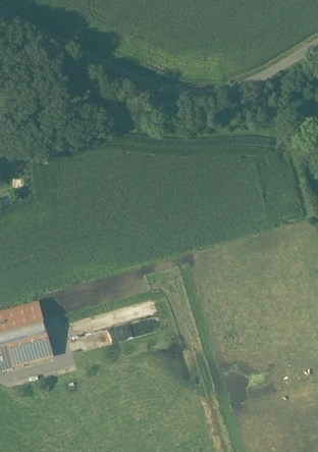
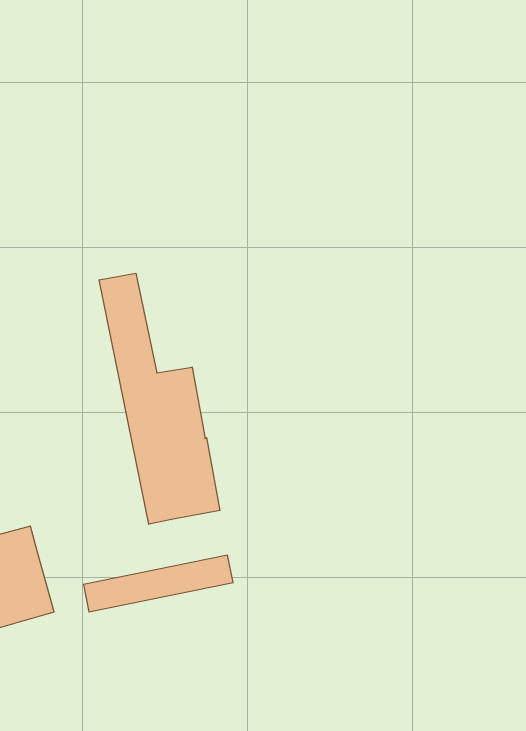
building: none -> [99,273,220,524]

